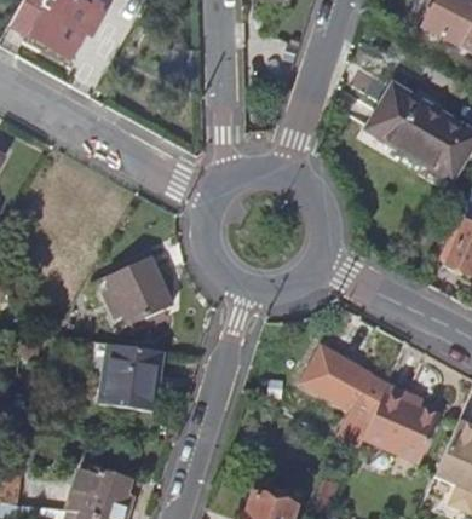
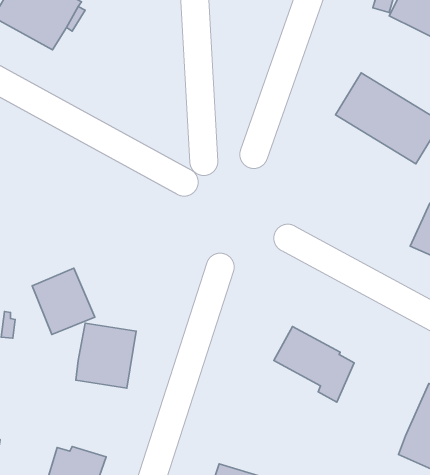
building: [104,264,169,333] -> [32,268,95,335]
building: [362,385,439,462] -> none

